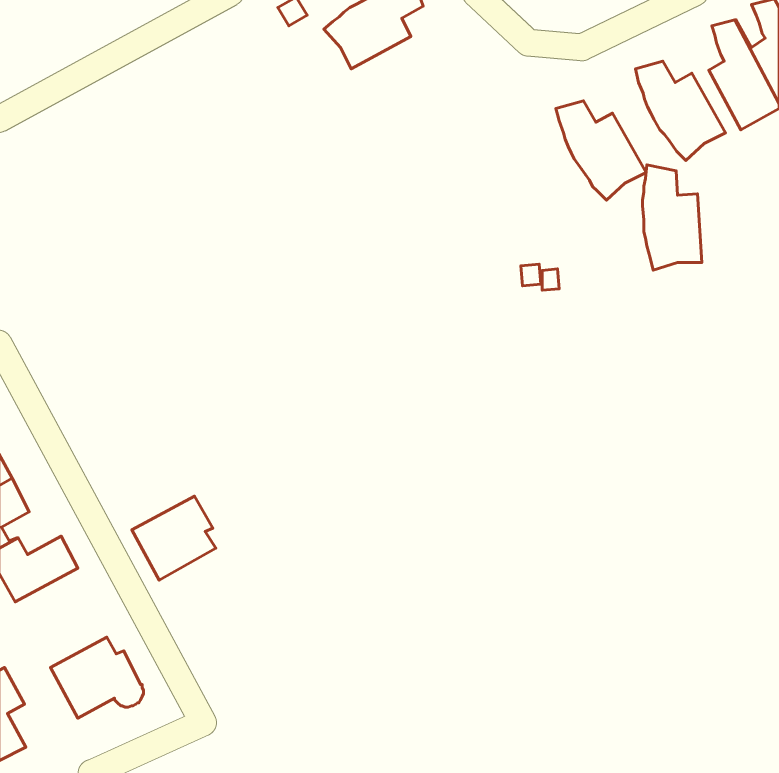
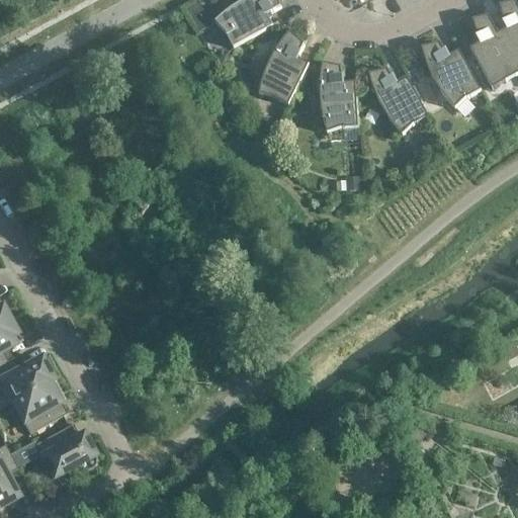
building: none -> [258,29,309,103]
building: [642,165,702,270] -> [319,61,358,131]
building: [132,496,216,580] -> [10,376,66,432]

